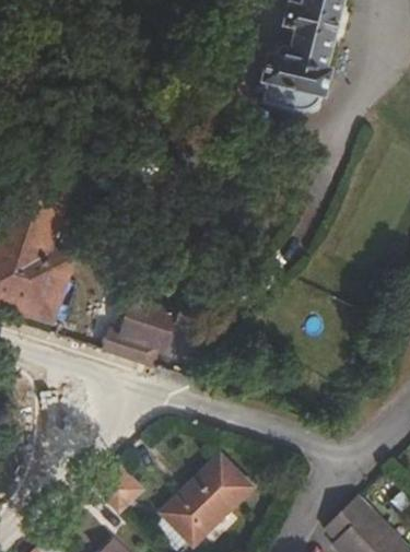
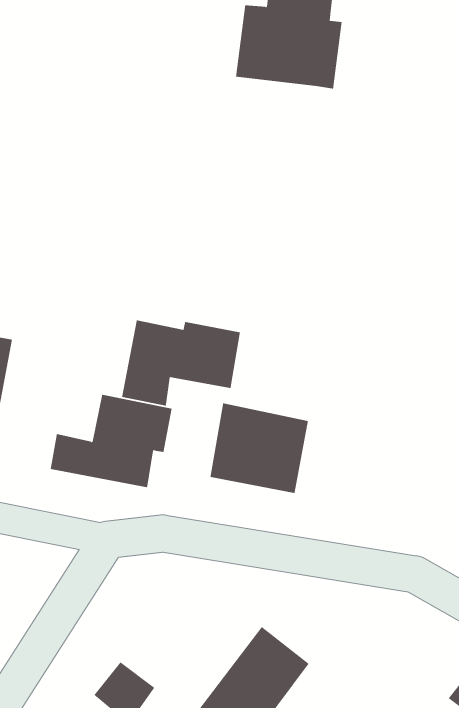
building: none -> [121,320,241,407]
building: none -> [210,403,308,494]

